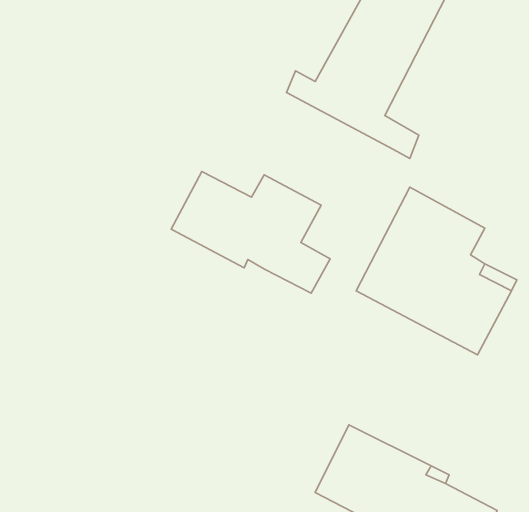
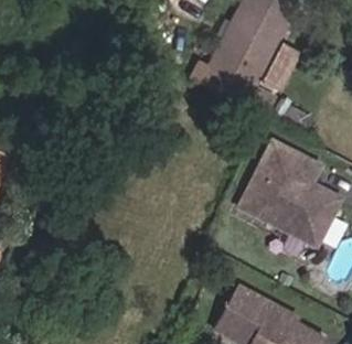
building: [171,171,330,293] -> none

